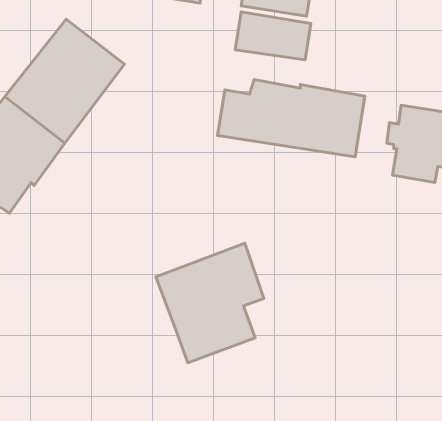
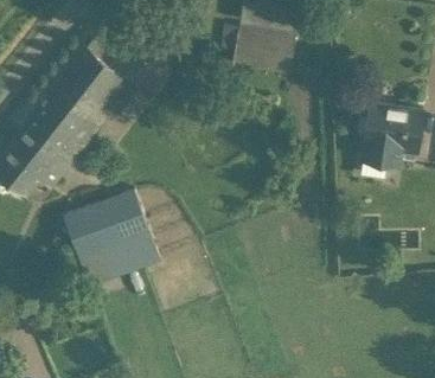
building: [217,79,365,157] -> none
building: [156,243,264,363] -> [62,191,149,288]

